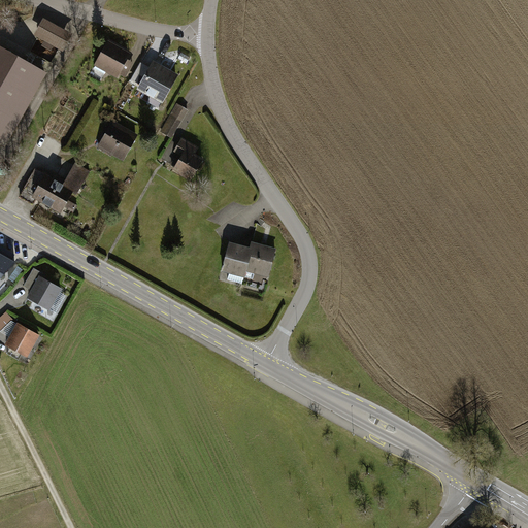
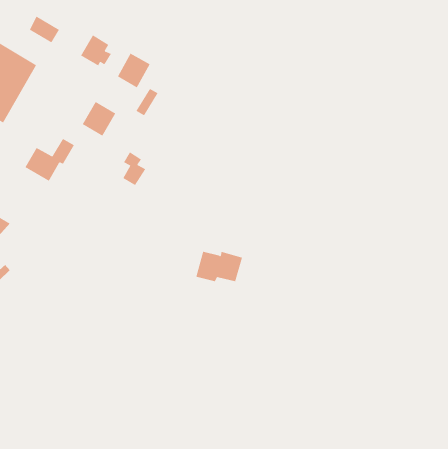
building: [173,139,201,179] -> [122,152,146,186]
building: [220,240,275,276] -> [195,251,243,282]
building: [28,278,58,308] -> none
building: [6,324,37,355] -> none

